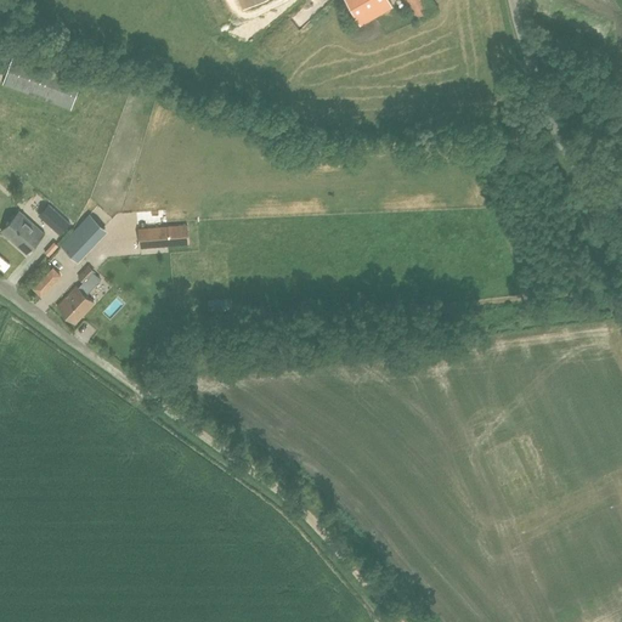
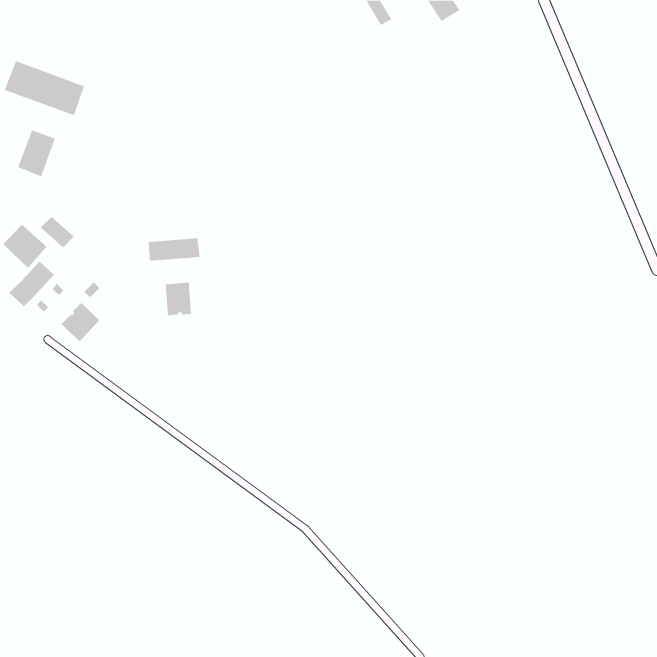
building: none -> [17,129,55,177]
building: [61,214,104,258] -> [9,261,55,307]
building: none -> [165,282,191,316]

